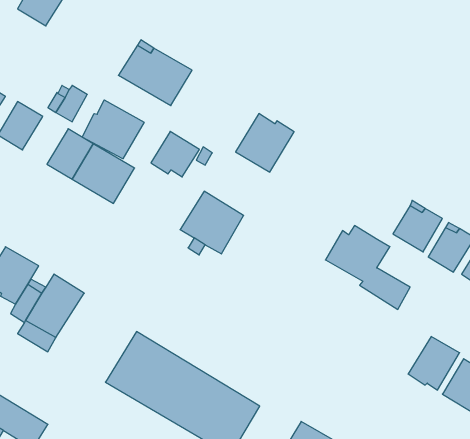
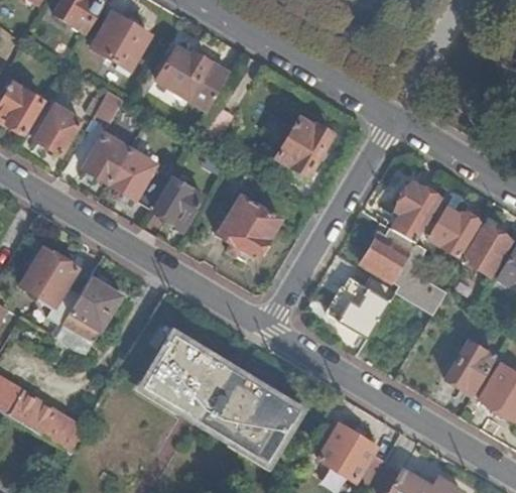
building: none -> [90,12,148,69]
building: [82,100,144,159] -> none
building: [151,131,199,177] -> [154,178,203,224]
building: none -> [391,180,439,243]
building: none -> [326,275,396,339]

